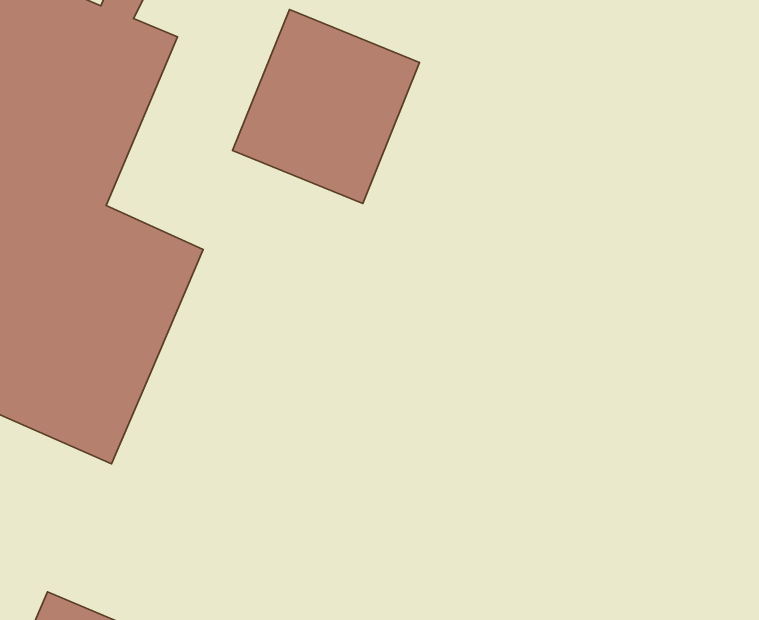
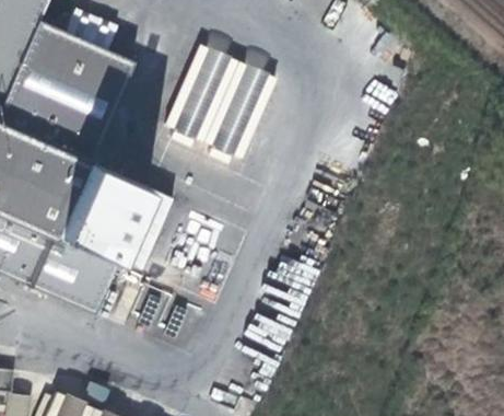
building: none -> [116,186,172,270]

